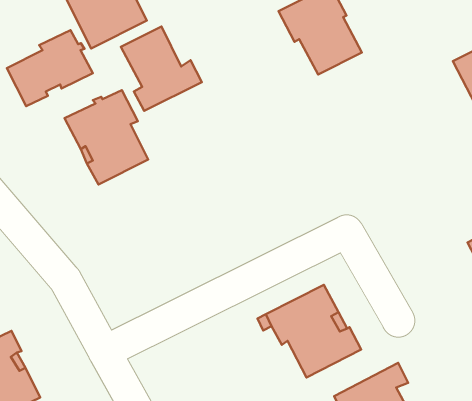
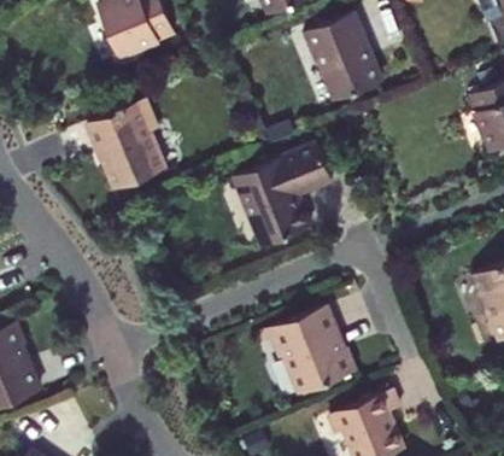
building: [121,27,202,111] -> none
building: [7,30,93,106] -> none
building: none -> [233,142,333,246]

